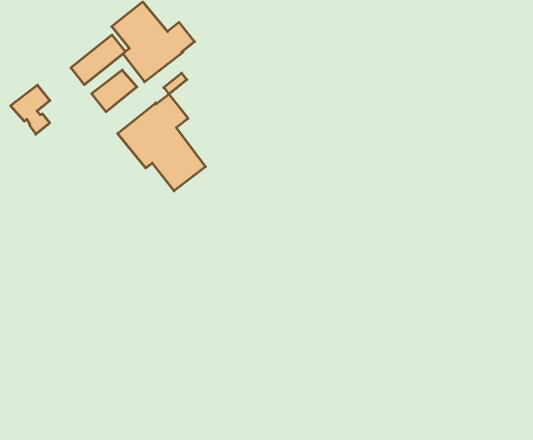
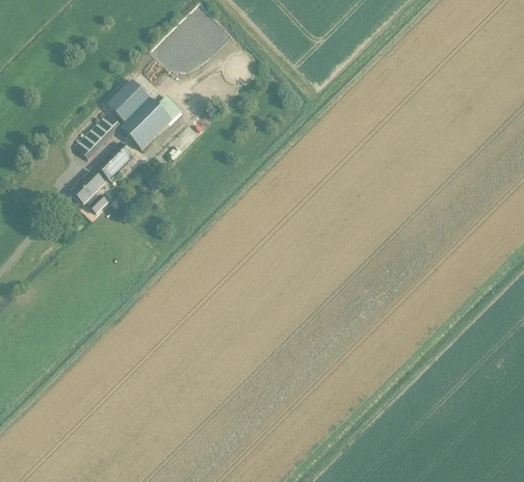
building: [11,85,50,134] -> [70,169,106,213]
building: [118,94,206,191] -> none

